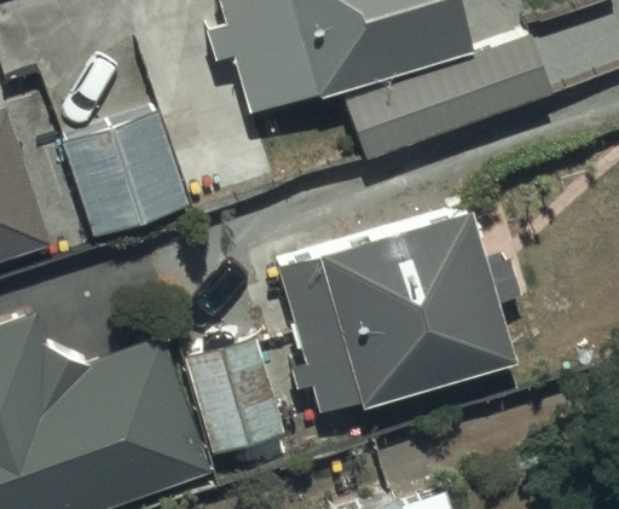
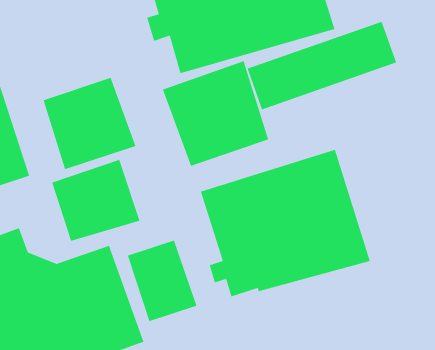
building: none -> [162,60,269,167]
building: none -> [51,159,140,242]

